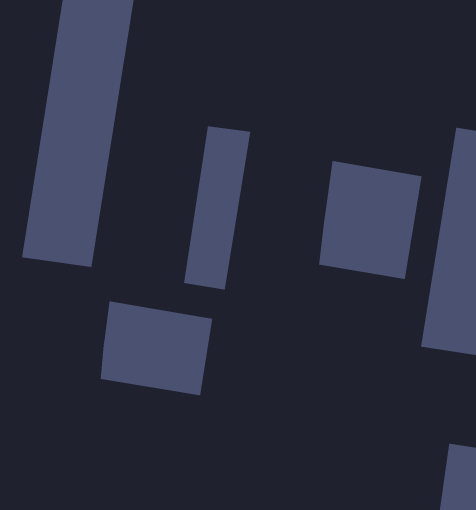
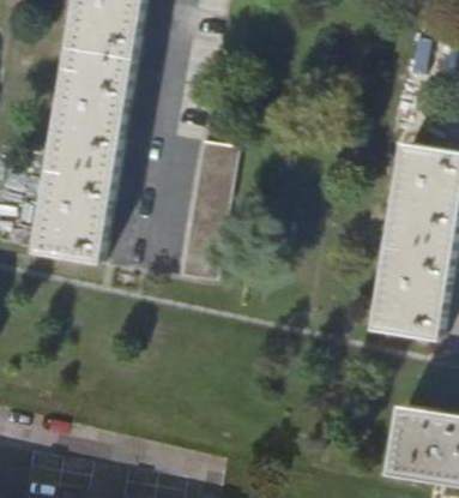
building: [318,160,422,280] -> none
building: [100,301,213,396] -> none

